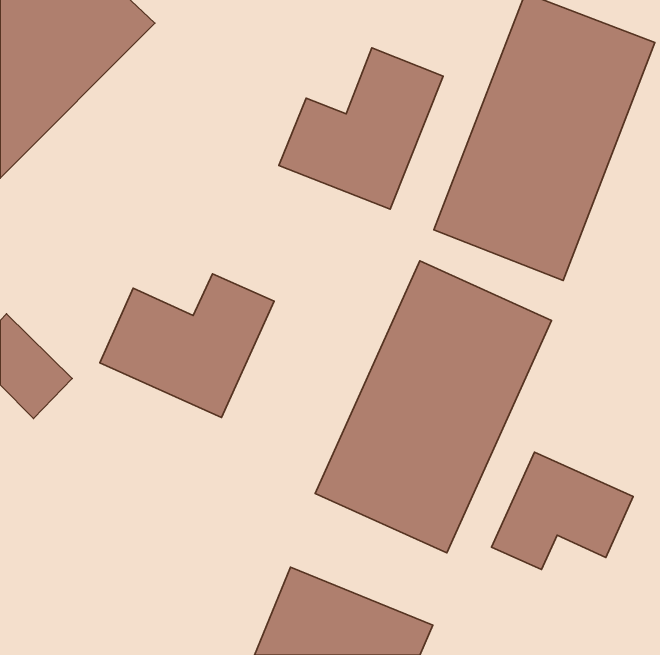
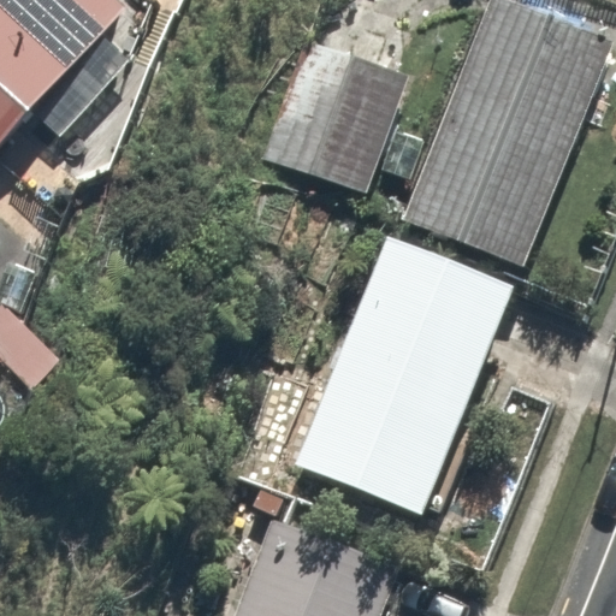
building: [100,274,274,417] -> none
building: [491,452,633,569] -> none

